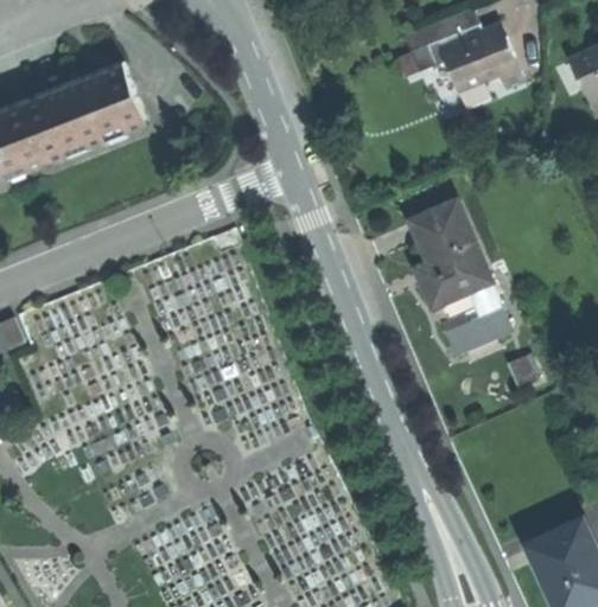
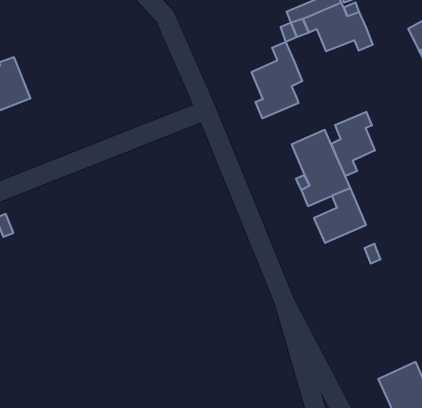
building: [26,63,148,159] -> none
building: none -> [252,42,302,118]
building: none -> [332,112,375,176]

